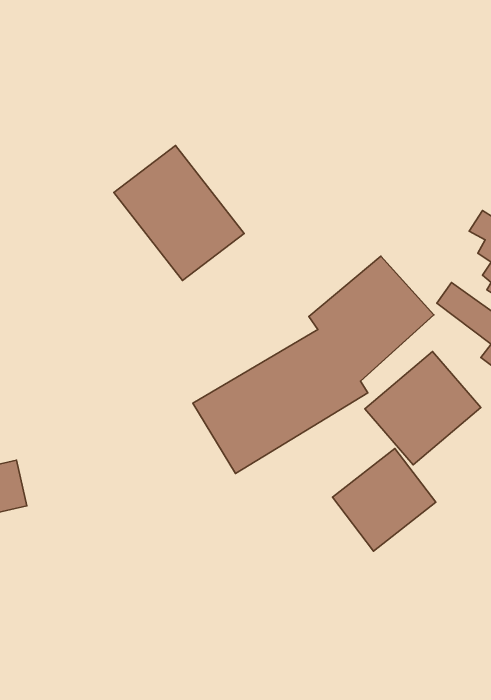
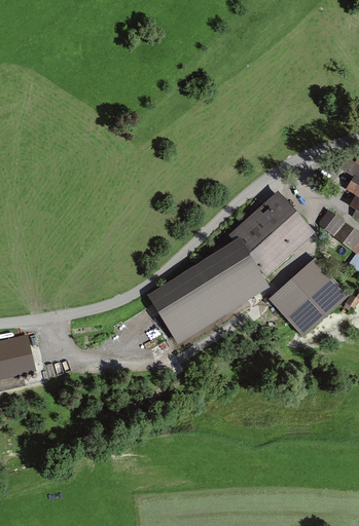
building: [114,146,244,280] -> none
building: [332,448,436,551] -> none

